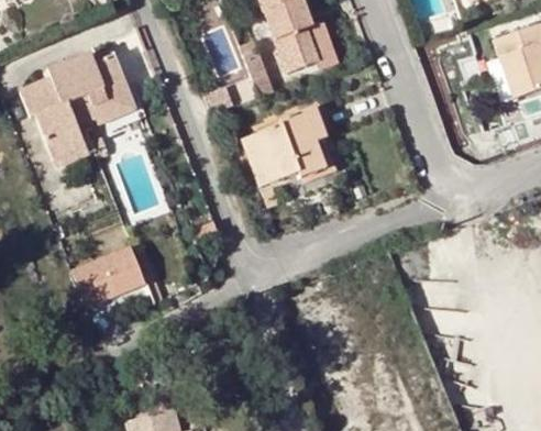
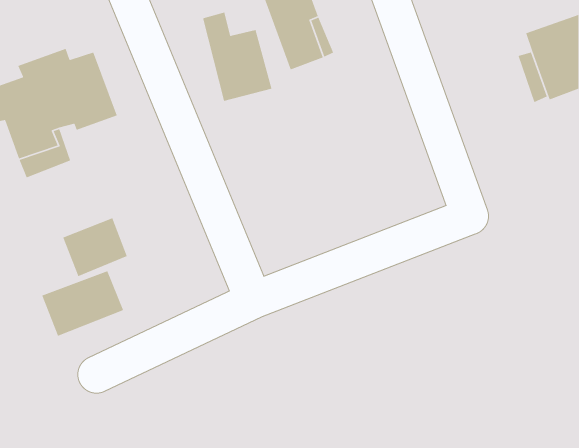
building: [242,104,335,185] -> none
building: none -> [62,217,128,277]

